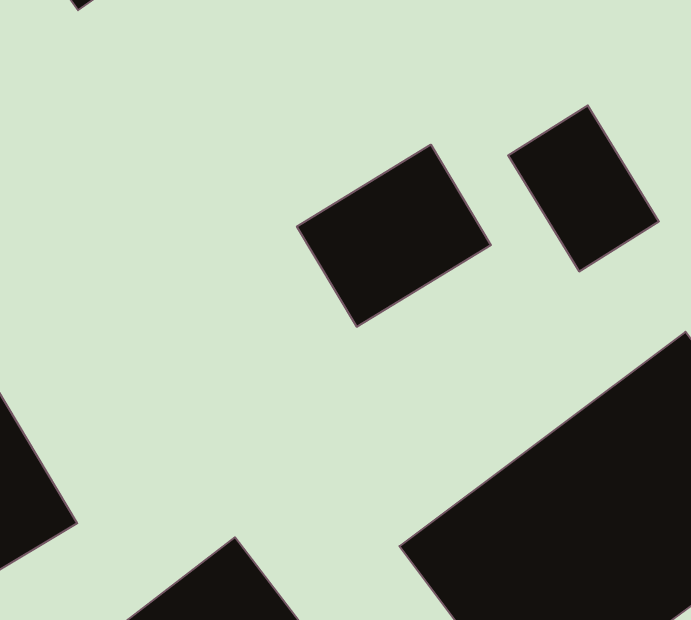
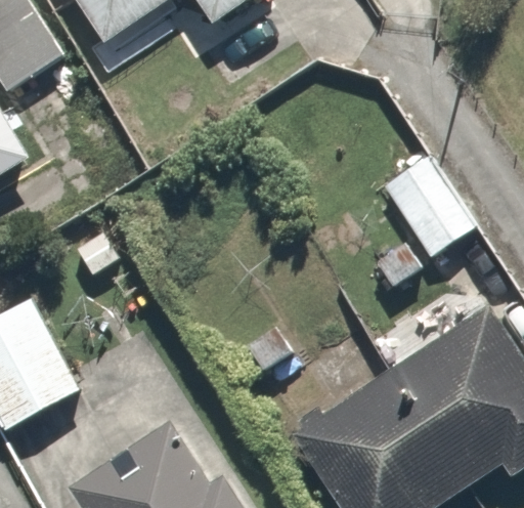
building: [297,145,491,327] -> none

